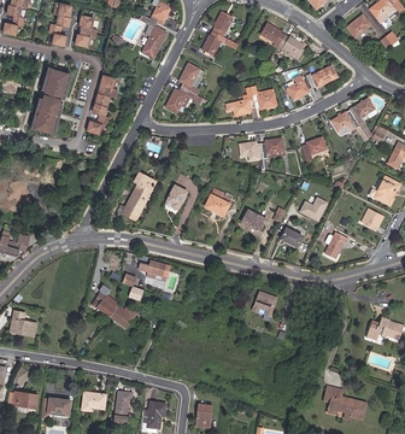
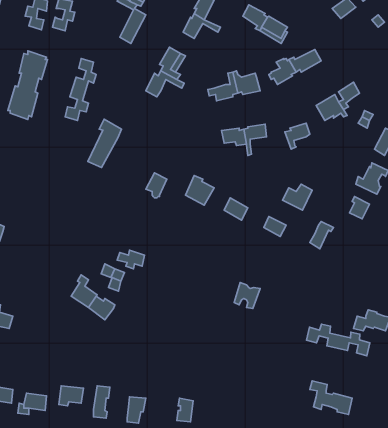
building: [122,172,154,219] -> [88,119,121,168]
building: none -> [306,324,370,356]

